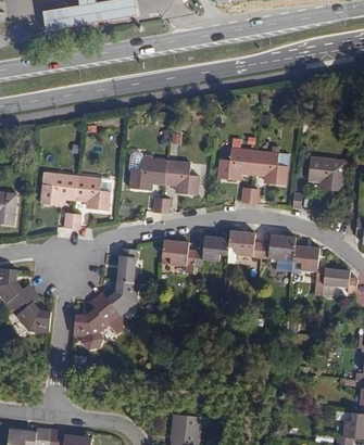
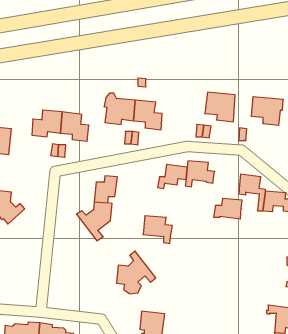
building: [216,147,254,179] -> none
building: [261,237,296,262] -> [214,198,242,219]
building: [160,240,196,274] -> [143,216,172,243]
building: [11,291,50,334] -> none
building: [72,297,120,349] -> [116,251,156,294]

